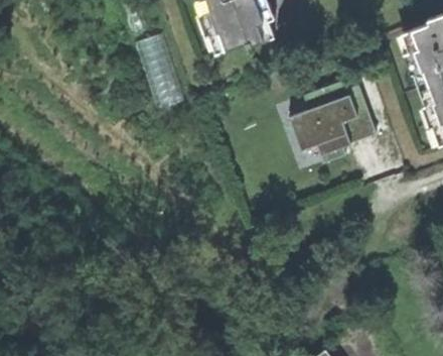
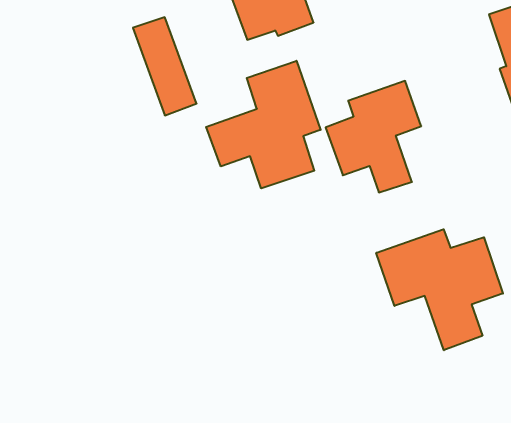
building: none -> [206,61,321,188]
building: none -> [376,229,503,350]

